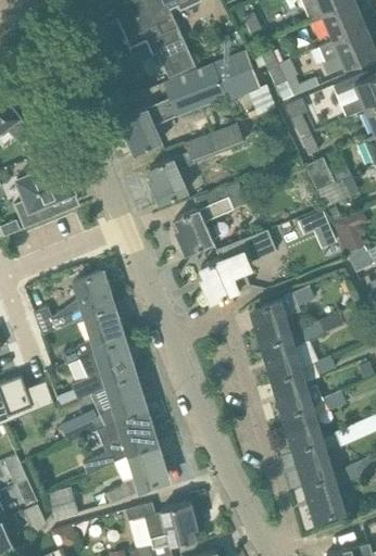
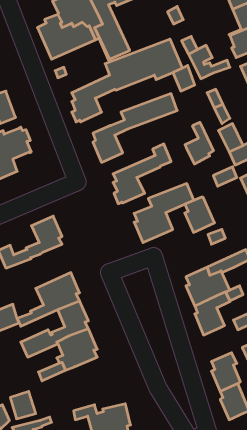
building: none -> [185,122,213,164]
building: [253,302,290,345] -> [185,197,215,232]
building: [61,305,122,364] -> none
building: [285,407,321,450] -> none
building: [104,444,165,504] -> none

